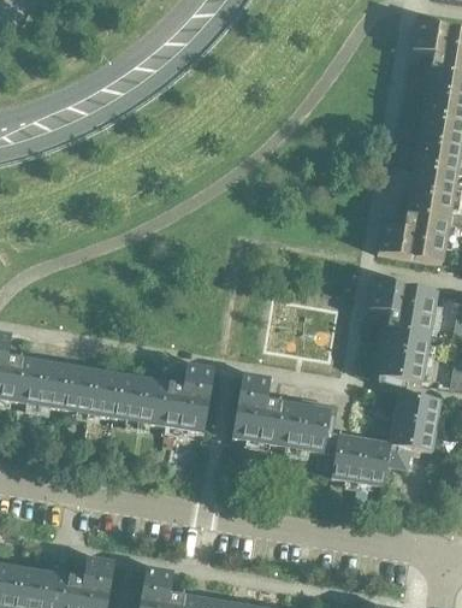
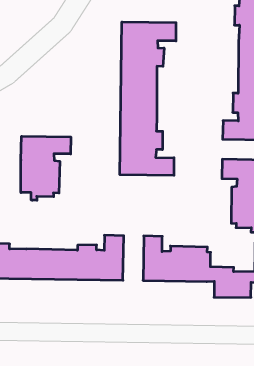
building: none -> [120,22,176,175]
building: none -> [21,136,71,200]

